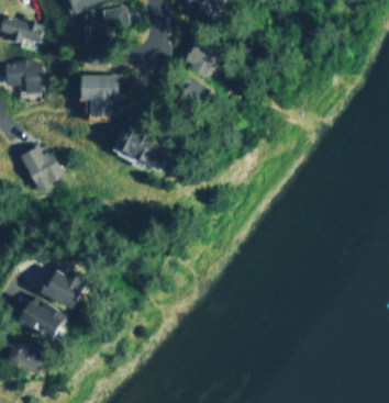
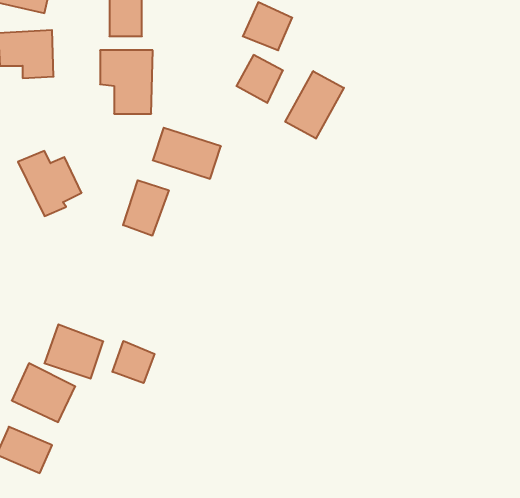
building: none -> [285,71,344,139]
building: none -> [123,180,169,236]
building: none -> [112,341,155,383]

